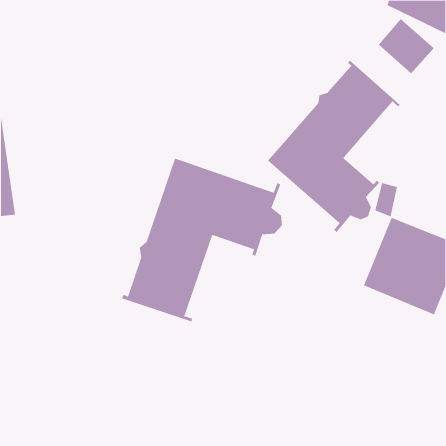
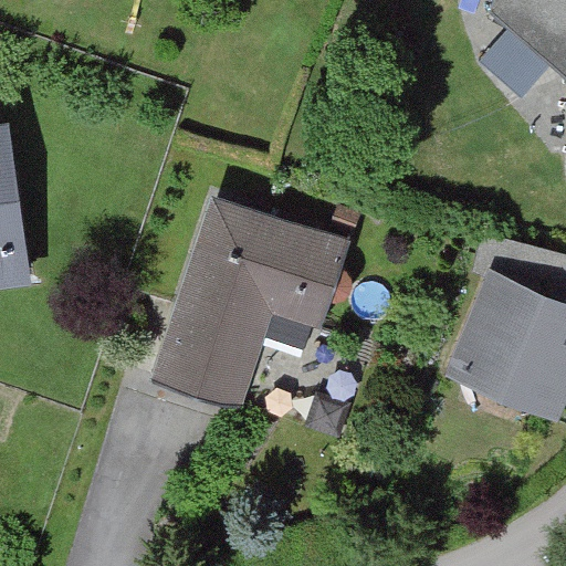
building: [267,60,401,233] -> none

